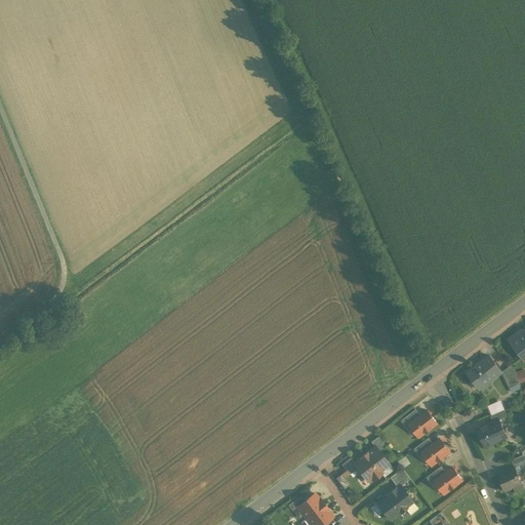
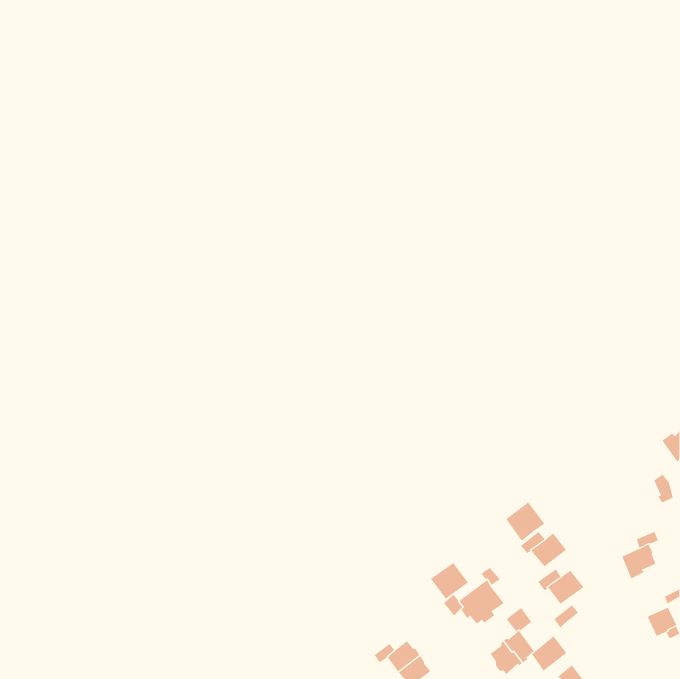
building: [468,356,501,390] -> none
building: none -> [505,501,545,541]
building: none -> [430,562,469,600]
building: [435,468,462,495] -> [531,636,567,671]

